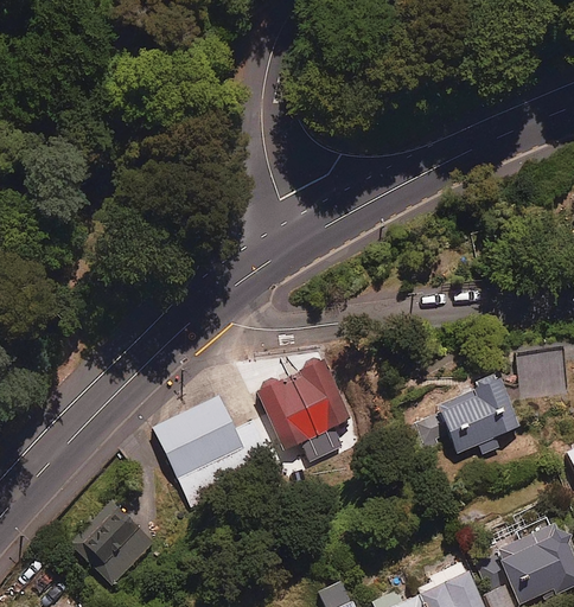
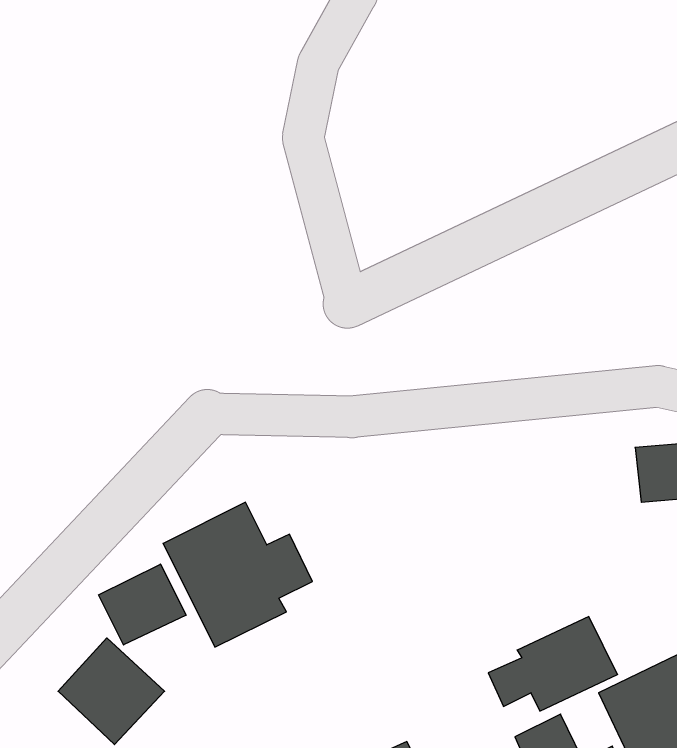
building: [259,362,351,456] -> none
building: [417,381,518,454] -> [488,617,618,711]
building: none -> [99,564,186,645]

